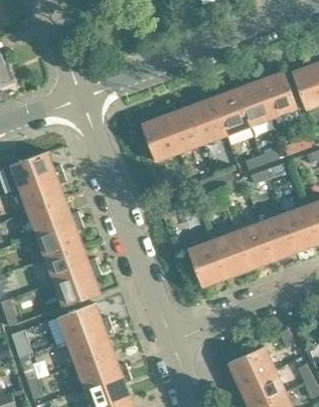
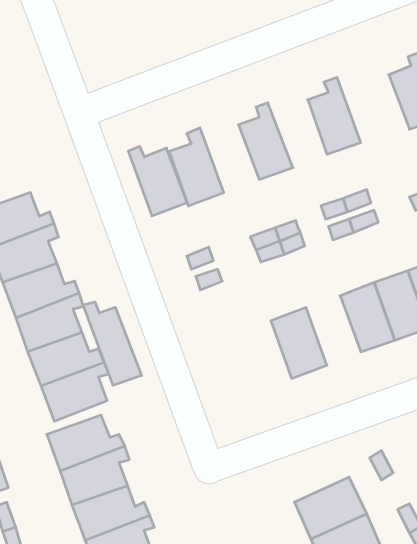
building: [256,71,296,119] -> none
building: [208,88,249,136] -> none
building: [162,106,202,153] -> [128,147,187,216]
building: [234,223,272,270] -> none
building: none -> [83,302,142,385]
building: [187,240,224,287] -> none

